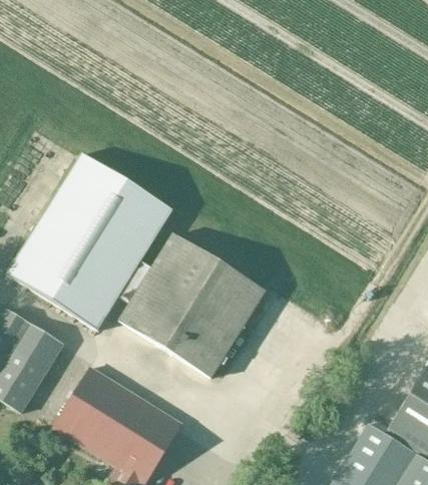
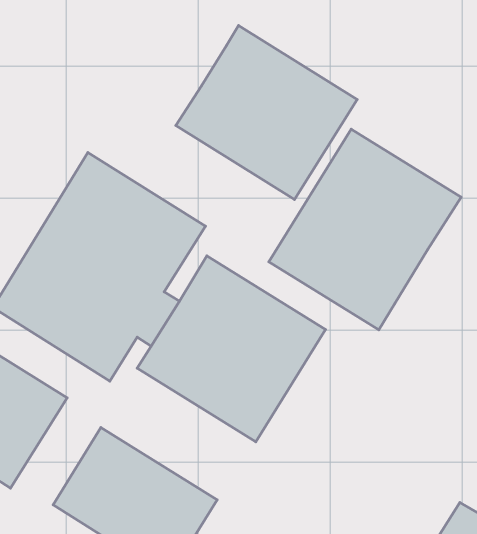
building: none -> [176,25,357,200]
building: none -> [269,129,461,330]

